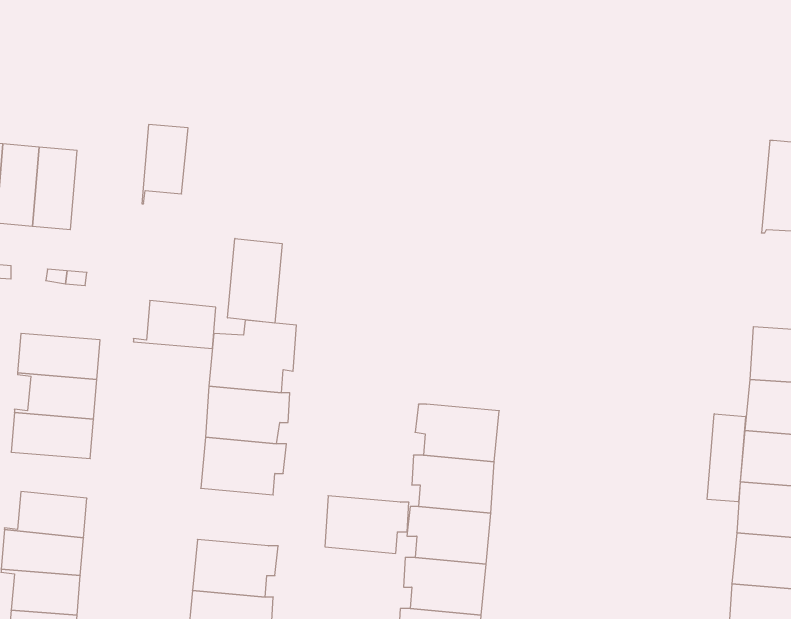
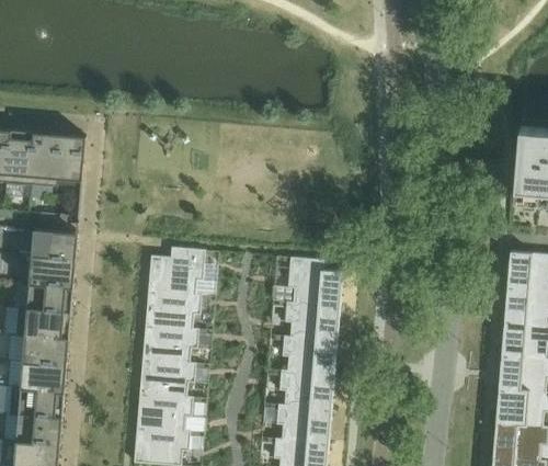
building: [142,125,188,204] -> [55,134,85,186]
building: [228,238,282,323] -> none
building: [133,301,216,348] -> [22,228,77,260]
building: none -> [287,257,342,307]
building: [707,414,745,502] -> none
building: none -> [15,334,68,365]
building: [325,496,409,553] -> [139,359,195,397]

